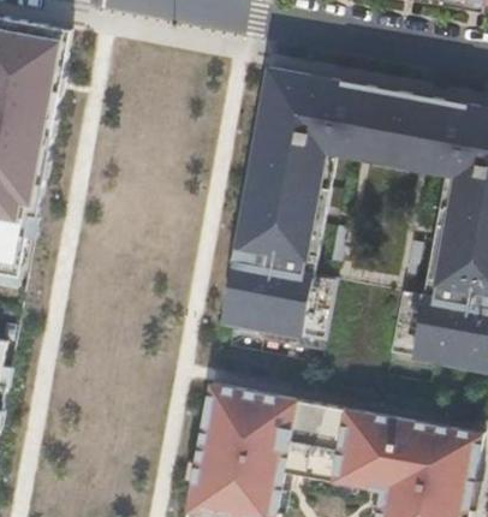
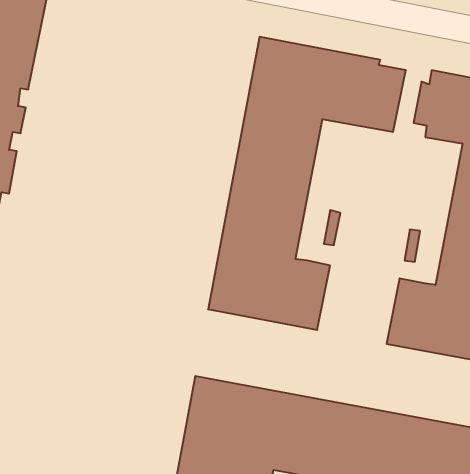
building: [300,87,457,297] -> none

